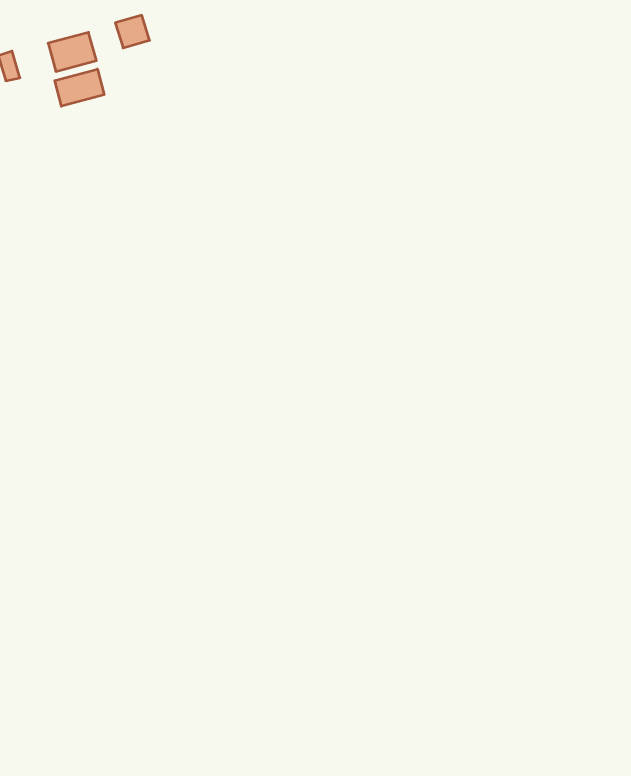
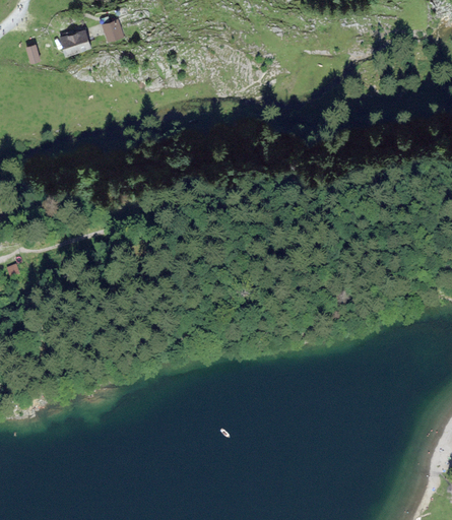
building: [55,69,104,106] -> none

